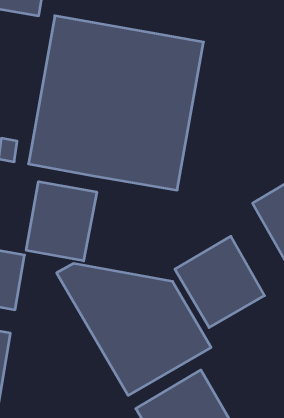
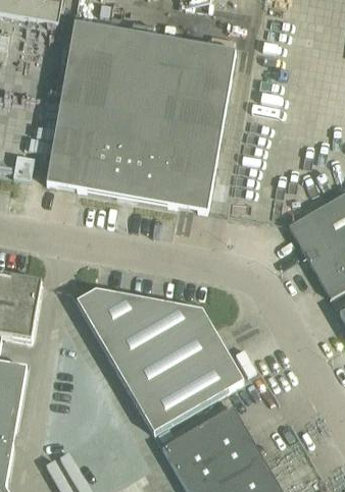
building: [26,182,97,261] -> none
building: [175,236,265,328] -> none

